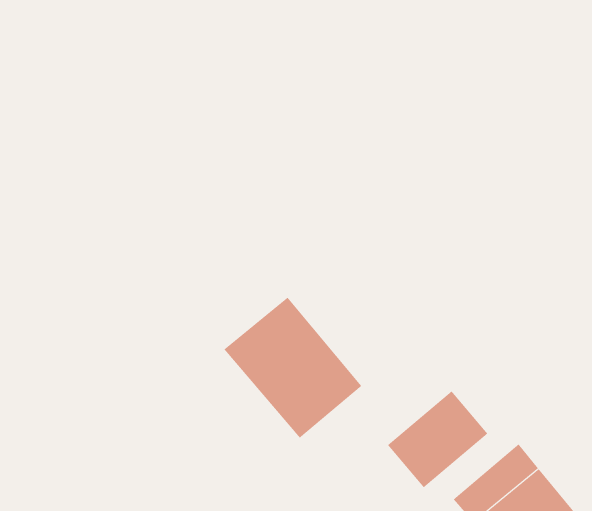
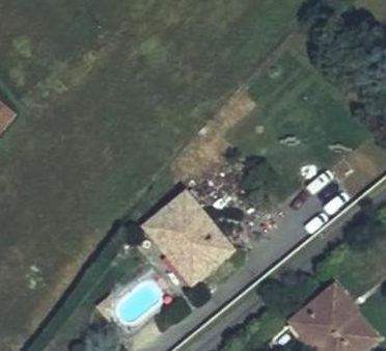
building: [387,390,488,488] -> none

